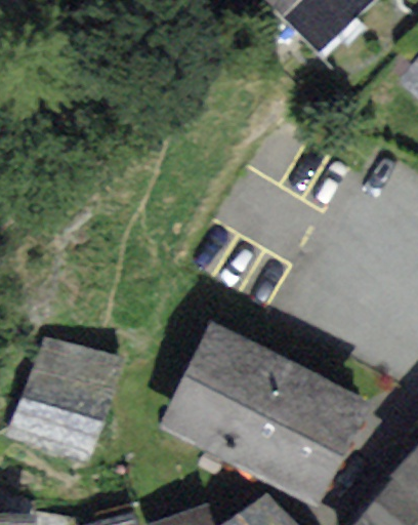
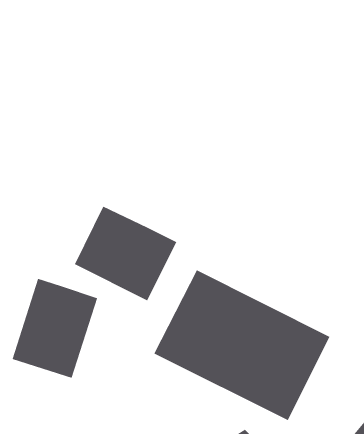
building: none -> [74,205,177,302]

